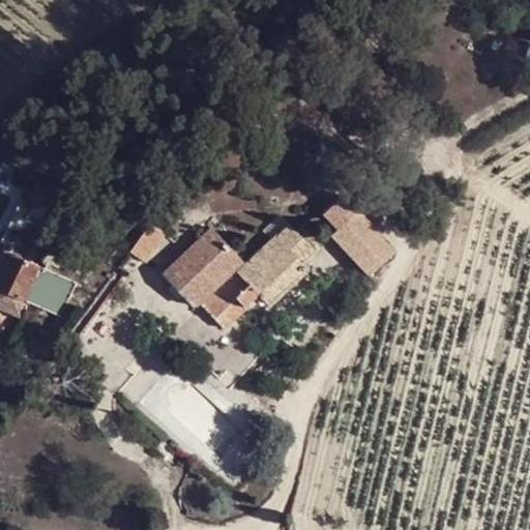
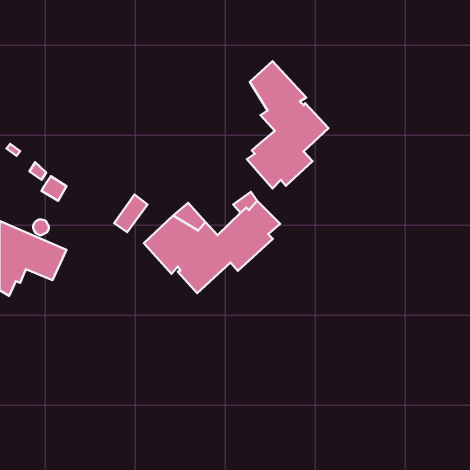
building: none -> [247,61,329,189]
building: [331,210,393,274] -> none

